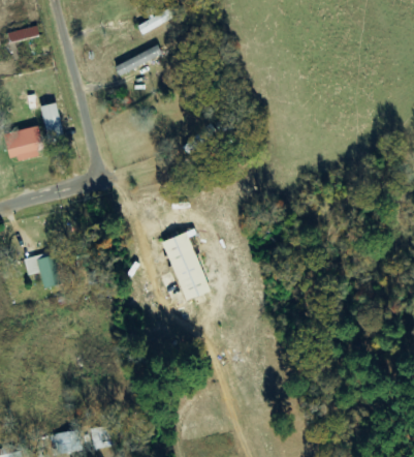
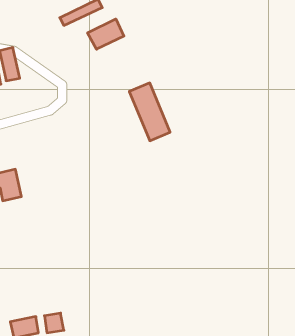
building: none -> [88,19,124,49]
building: [160,232,210,302] -> [129,83,170,141]

